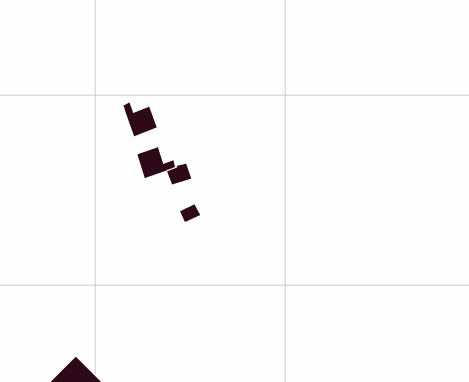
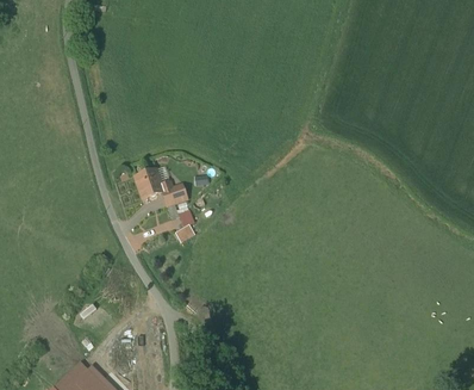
building: [122,101,157,137] -> none

